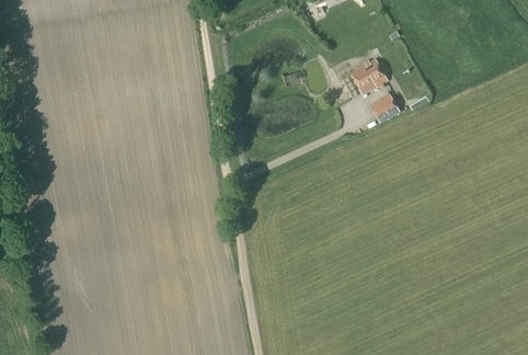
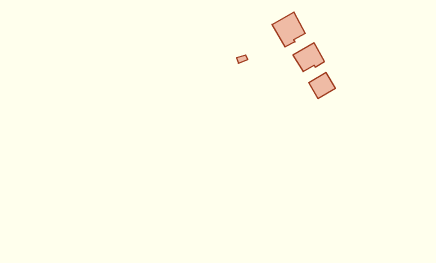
building: none -> [272,12,305,47]

